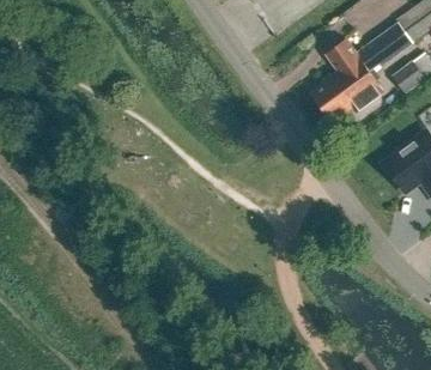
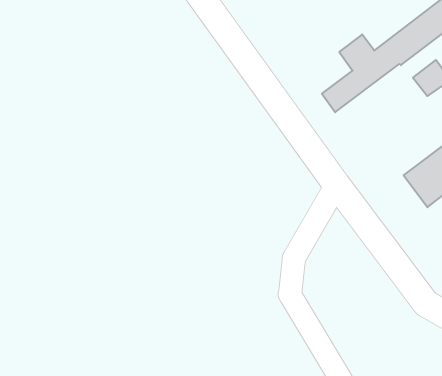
building: [322,67,386,121] -> none

